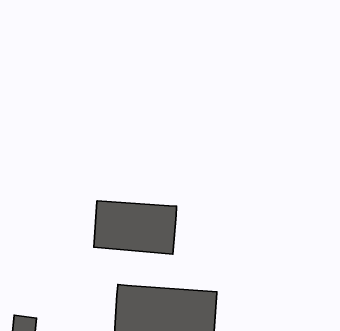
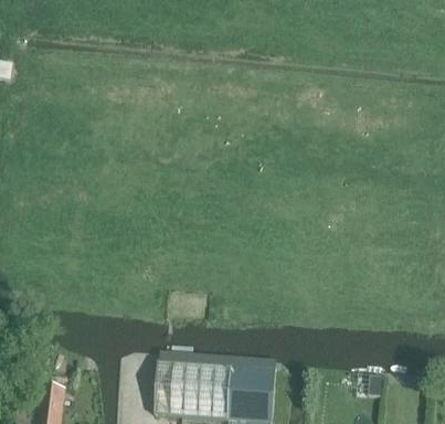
building: [94,201,177,254] -> none

